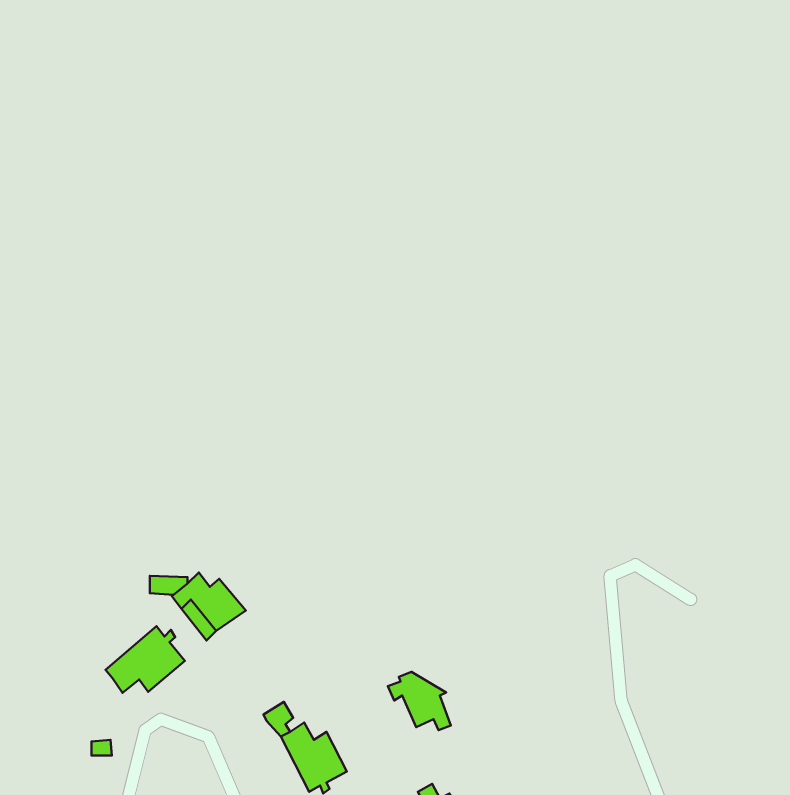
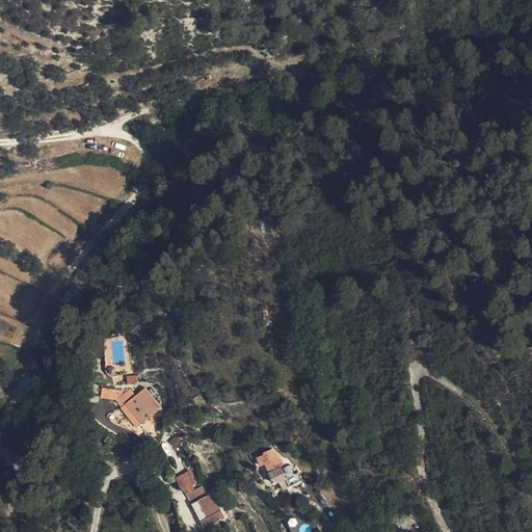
building: [105,626,185,693] -> none

